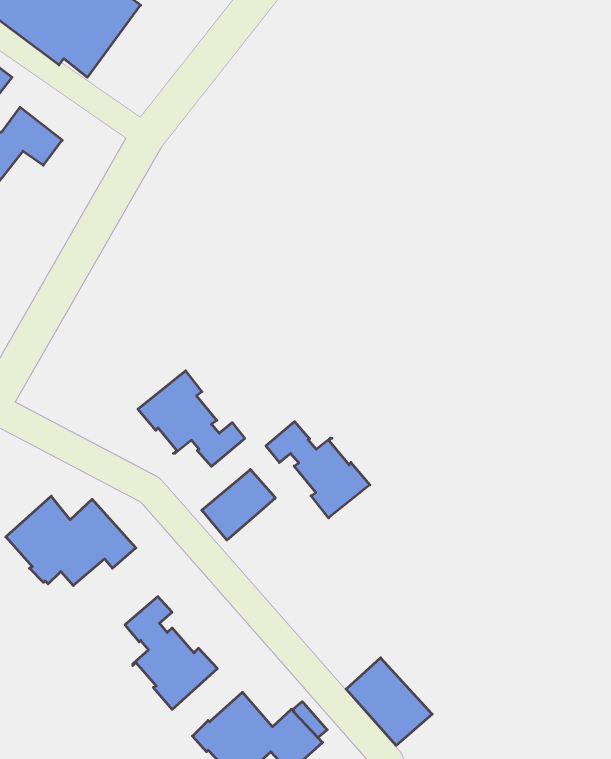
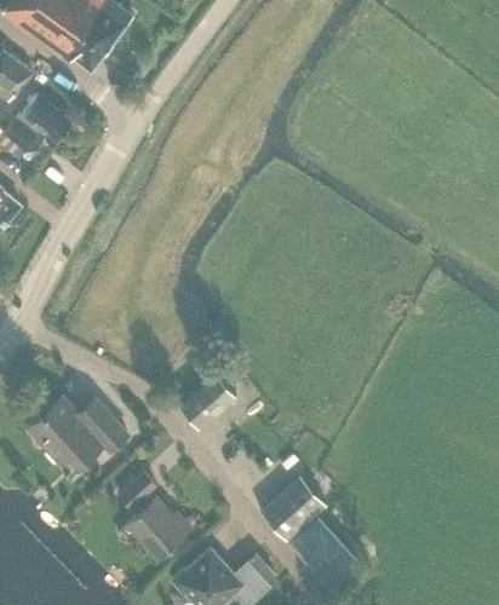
building: [138,371,245,466] -> none
building: [266,422,370,518] -> none
building: none -> [260,476,326,540]

